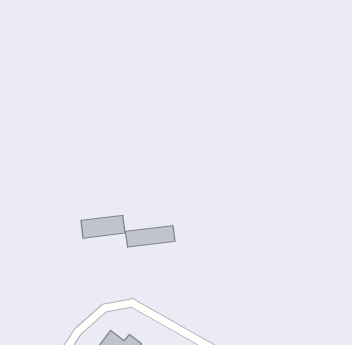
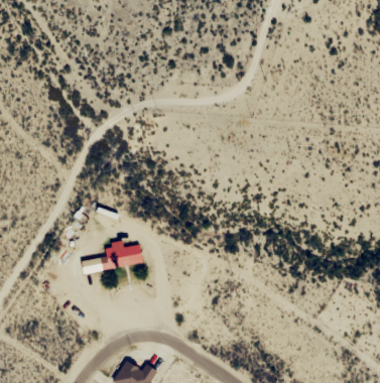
building: [126,225,175,247] -> none

